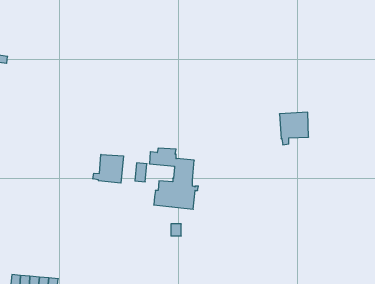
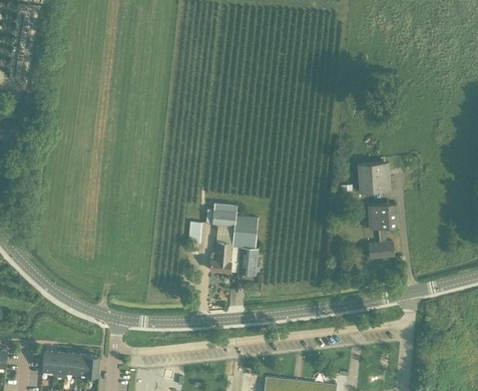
building: none -> [367,205,398,259]
building: [93,154,123,183] -> none

